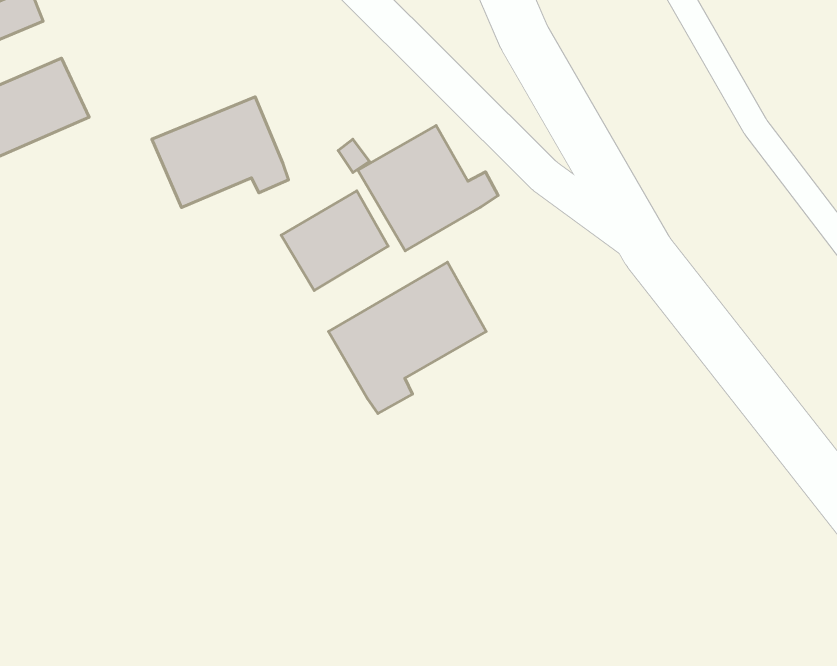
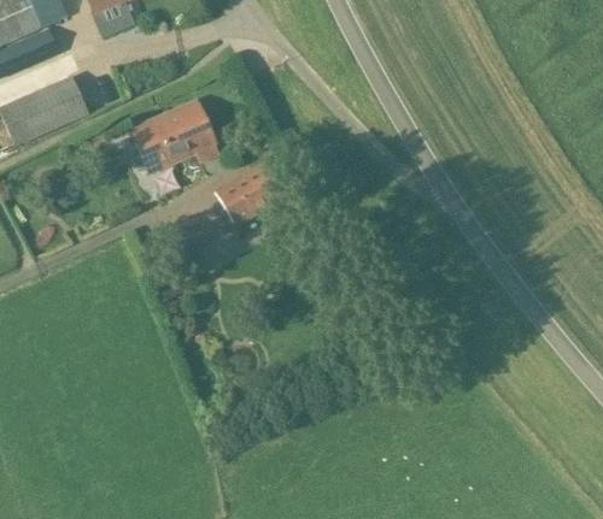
building: [358,126,498,251] -> none
building: [329,262,486,414] -> none

